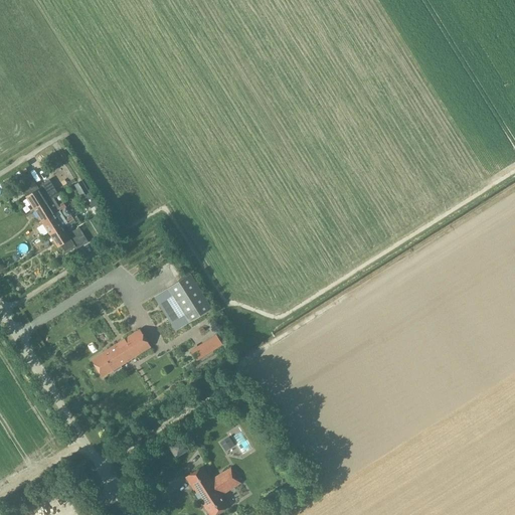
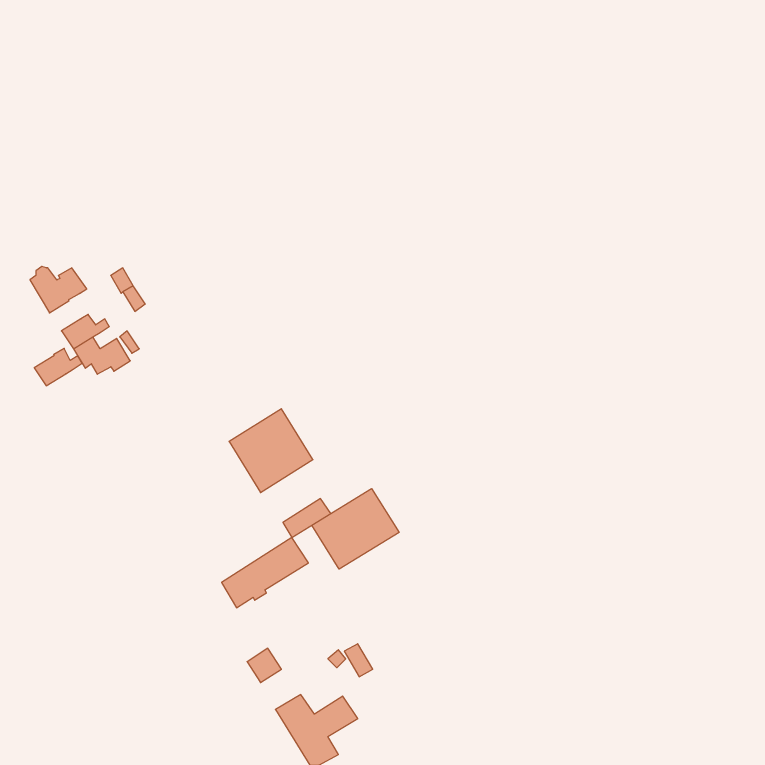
building: [33,197,65,222] -> [34,348,82,386]
building: none -> [312,489,399,569]
building: [92,330,150,377] -> [222,537,308,608]

